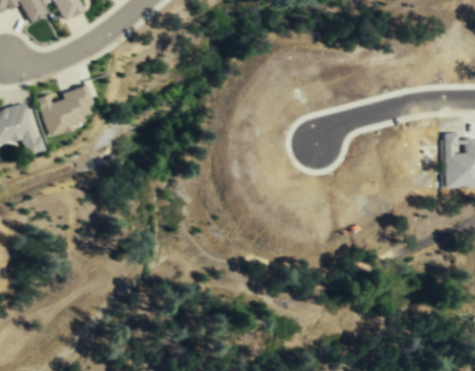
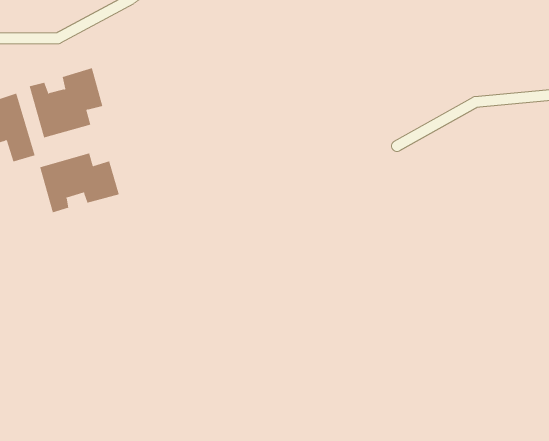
building: none -> [39,153,120,213]

